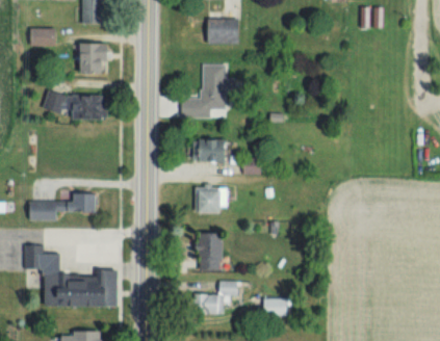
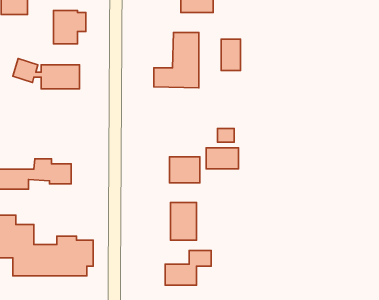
building: none -> [221,39,240,70]
building: [199,140,231,161] -> [206,148,238,169]
building: [264,297,288,315] -> none

